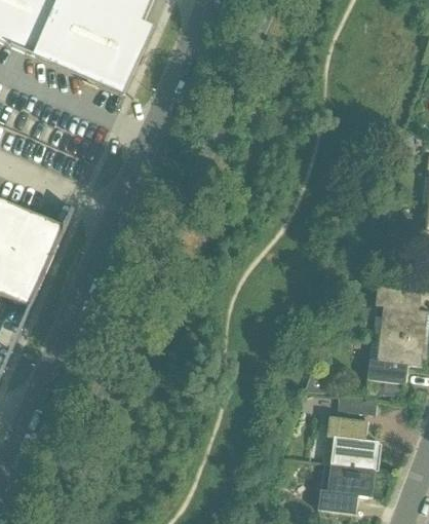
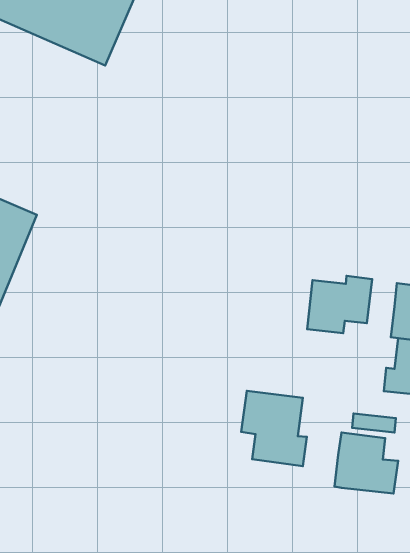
building: none -> [307,276,372,333]
building: none -> [241,391,307,466]
building: [317,461,375,513] -> none

